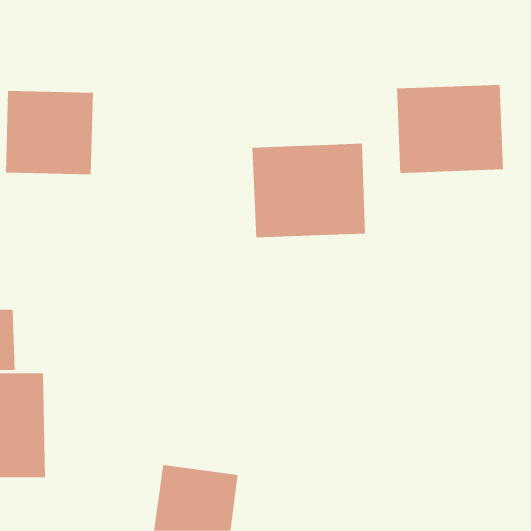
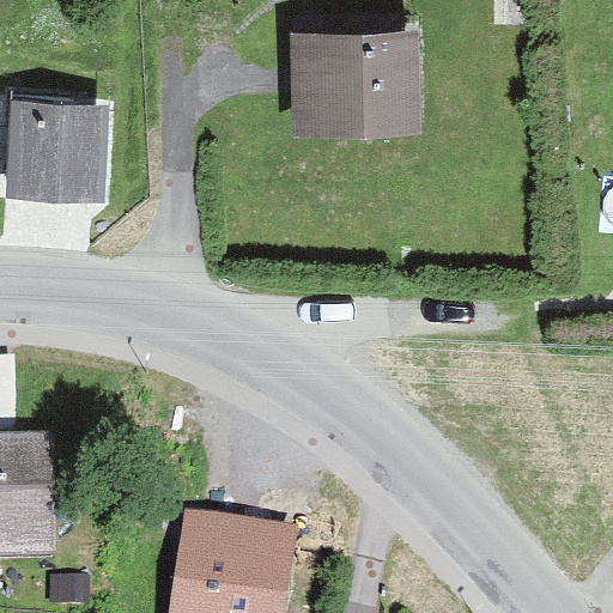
building: [397,84,503,174] -> none
building: [251,143,366,238] -> [287,29,419,138]

